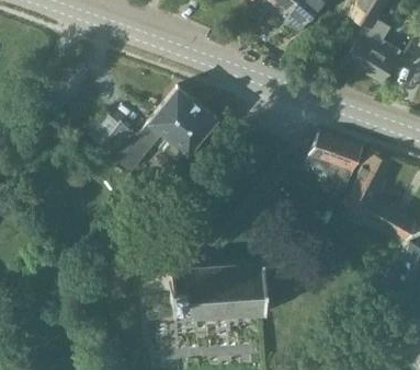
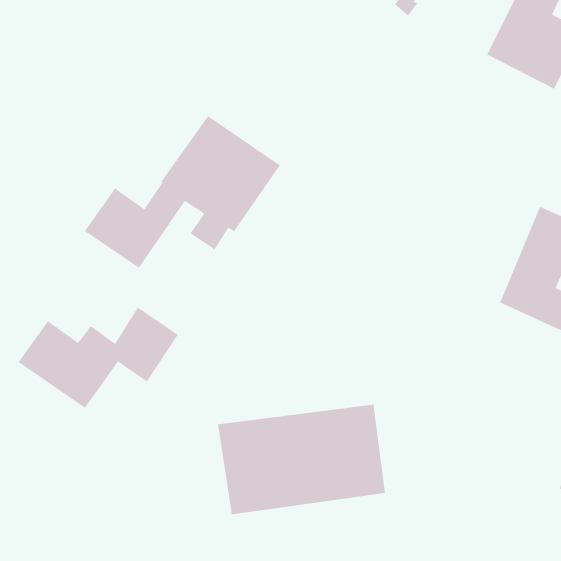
building: [307,132,364,193] -> none
building: none -> [18,307,179,409]

